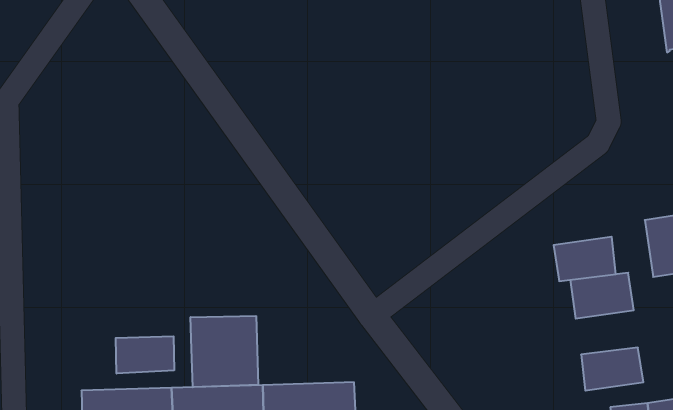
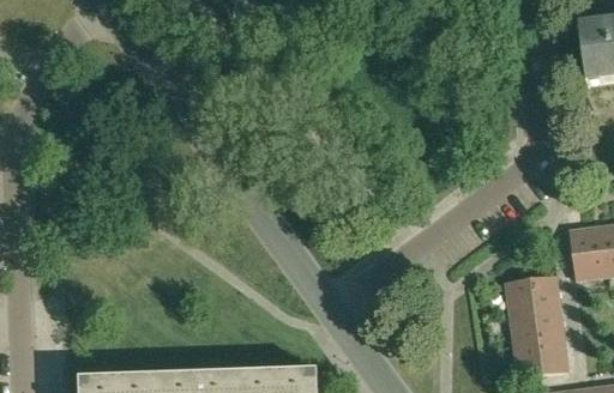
building: [554,237,616,281] -> [510,304,564,343]
building: [191,316,258,387] -> none
building: [116,336,174,374] -> none

